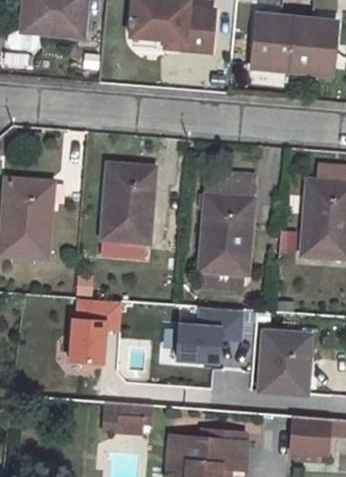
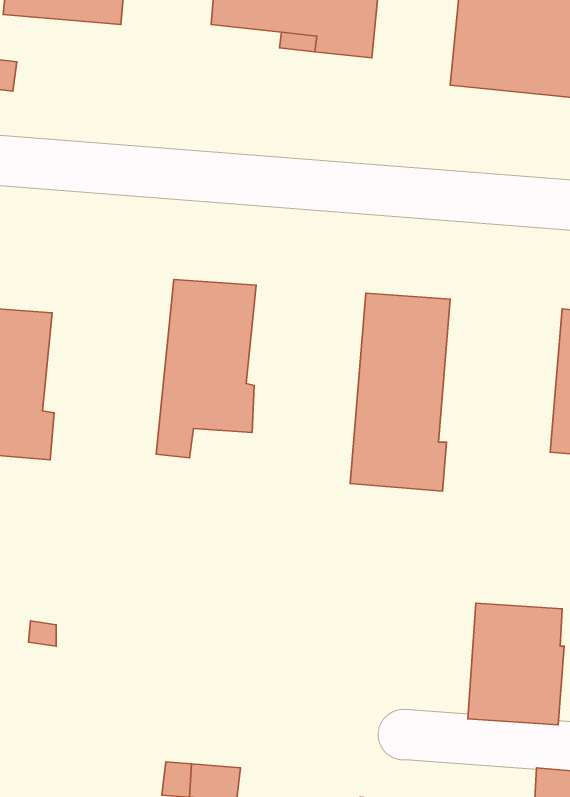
building: [69,297,121,361] -> none
building: [176,307,243,363] -> none

